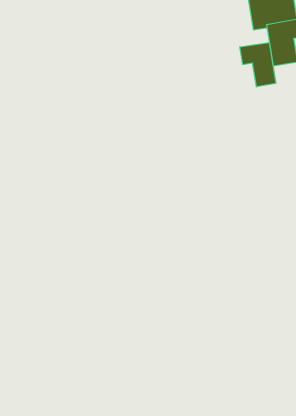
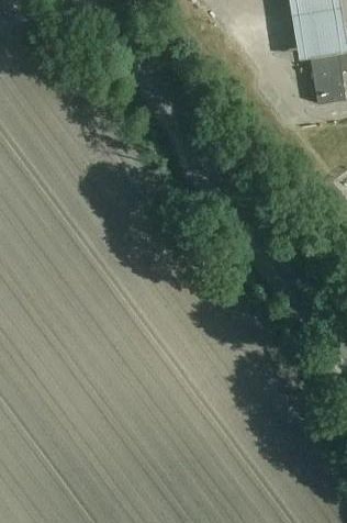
building: [240,42,276,87] -> none

